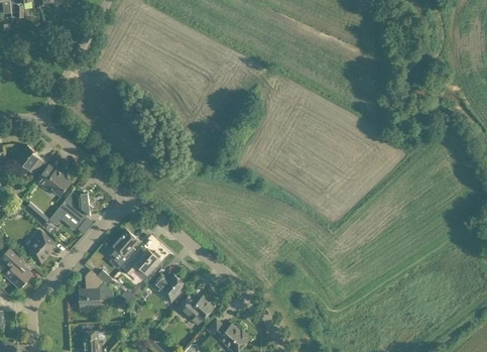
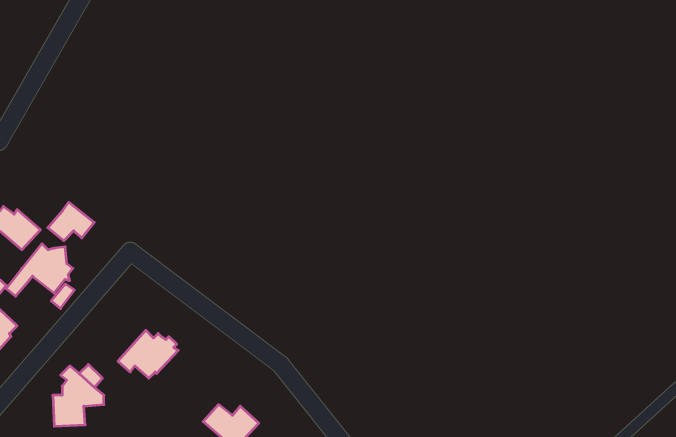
building: none -> [48,202,94,241]
building: [104,230,136,267] -> none
building: [150,274,184,303] -> none

